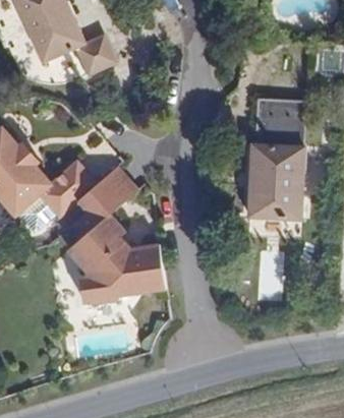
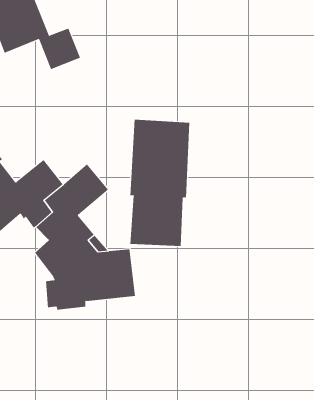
building: [255,102,312,222] -> [130,119,190,246]

